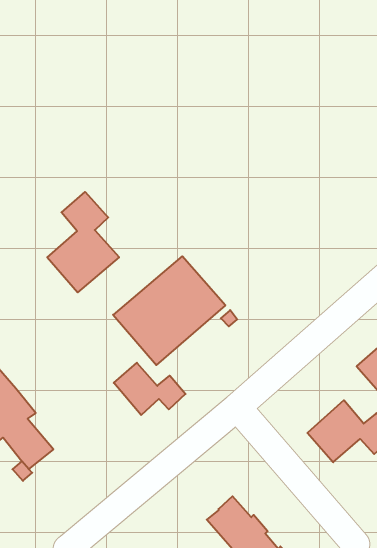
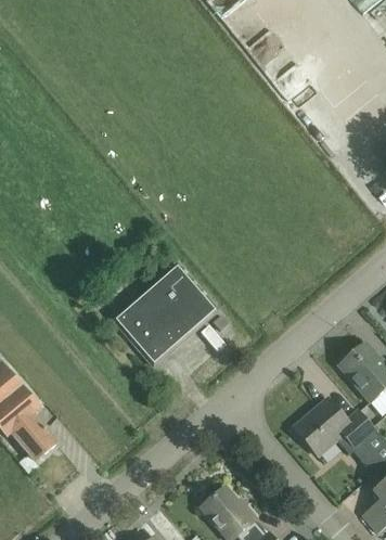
building: [47,192,119,292] -> none
building: [114,363,186,415] -> none

